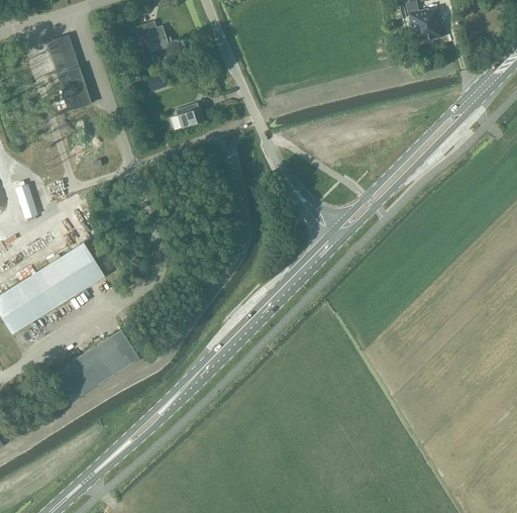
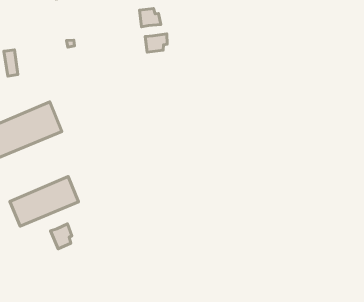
building: none -> [145,34,167,52]
building: none -> [51,224,72,249]

